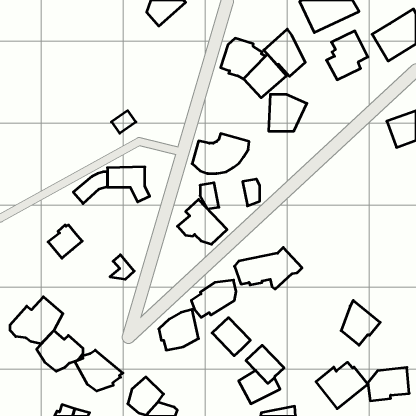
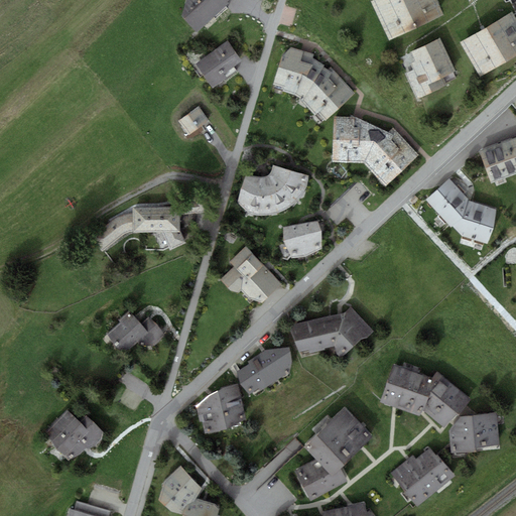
building: [264,29,305,76] -> none
building: none -> [196,40,242,88]
building: none -> [364,127,419,186]
building: [111,111,136,133] -> [178,106,209,134]
building: none -> [426,178,497,243]
building: [200,183,219,209] -> [283,225,306,257]
building: [48,225,82,258] -> [106,312,148,354]
building: none -> [380,365,433,416]
building: [10,297,63,344] -> none
building: [212,318,250,356] -> [325,408,372,456]
building: [75,350,123,391] -> none
building: [368,367,409,401] -> [448,412,500,454]

